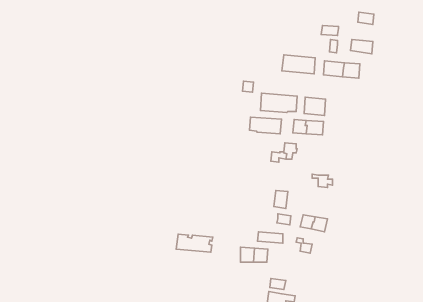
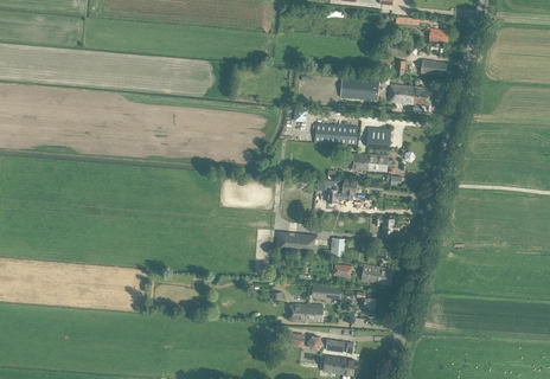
building: [249,117,282,134] -> none
building: [176,234,213,252] -> [275,231,318,252]

